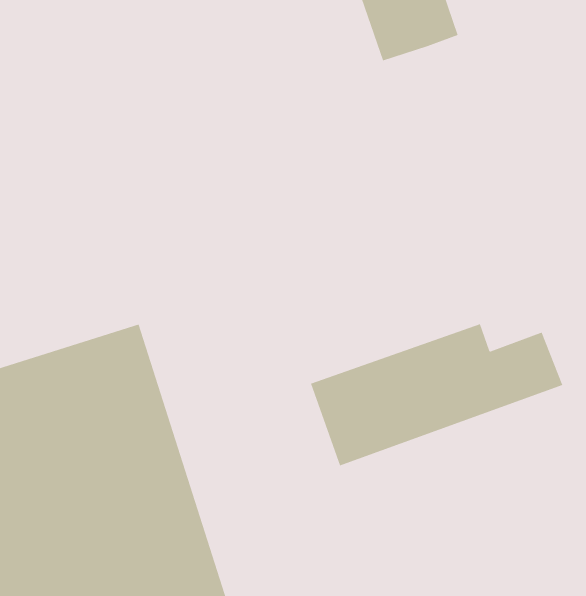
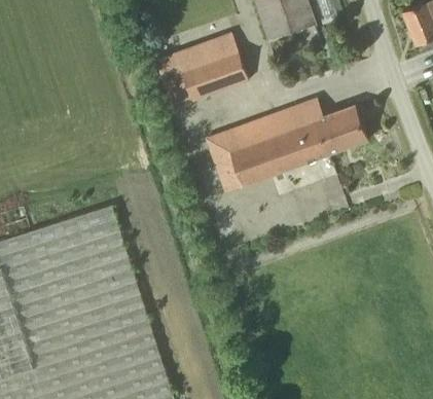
building: none -> [155,32,249,103]
building: [310,324,563,466] -> [209,99,369,189]

